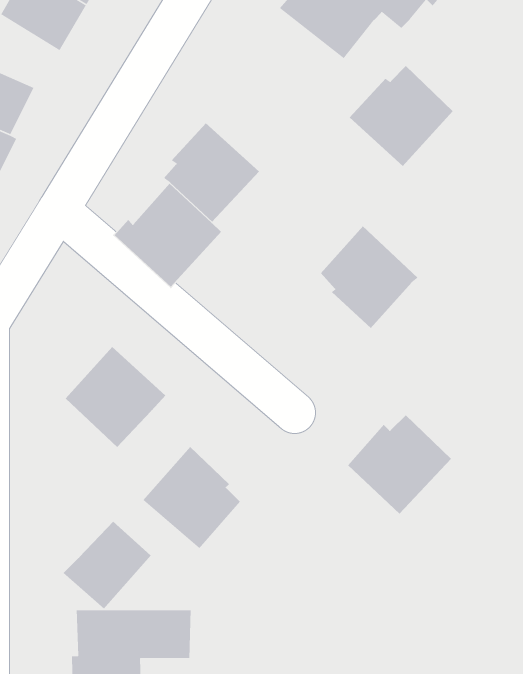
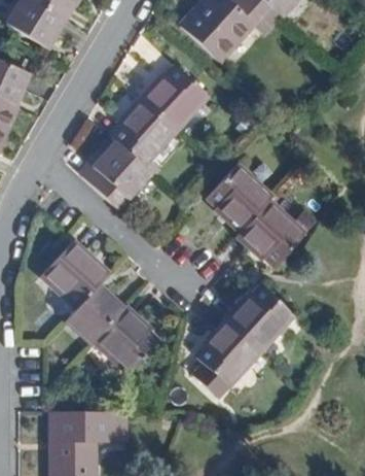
building: [349,65,454,167] -> [138,63,206,129]
building: none -> [242,201,306,266]
building: none -> [196,319,263,398]
building: [63,521,151,610] -> [70,284,127,342]

